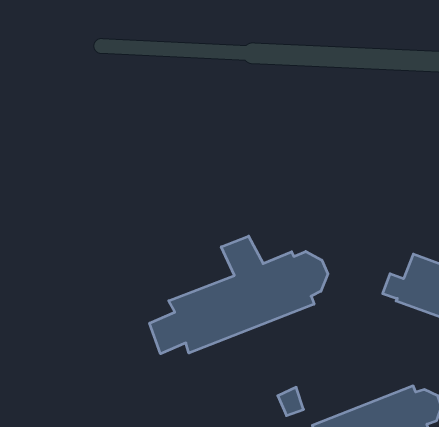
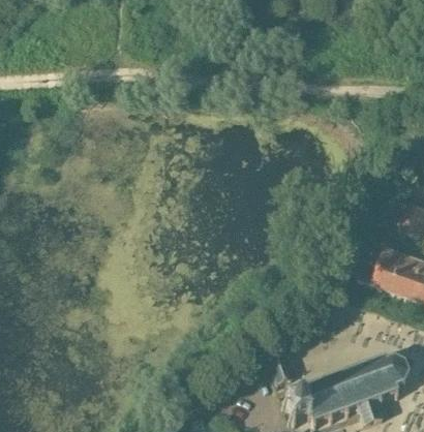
building: [150,236,328,354] -> none

